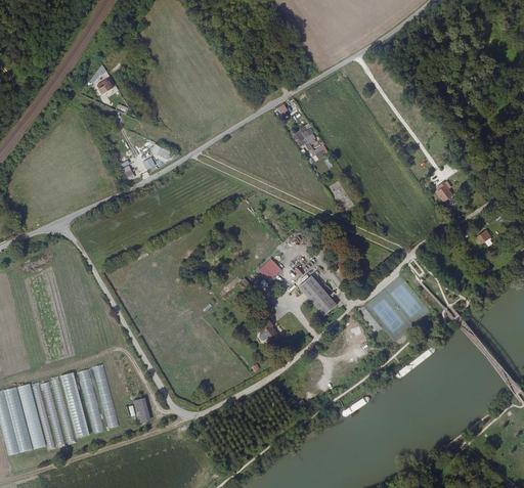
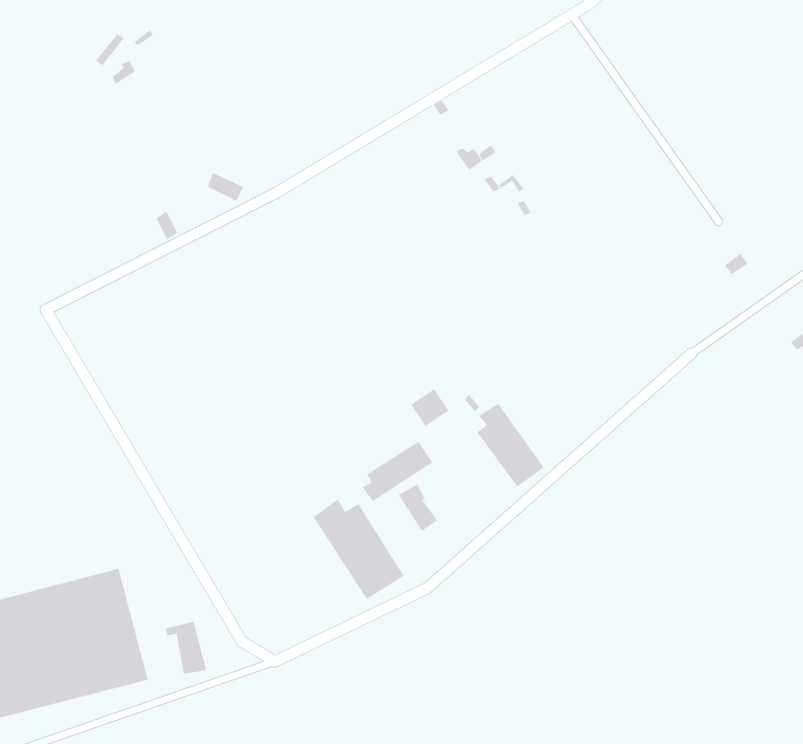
building: none -> [362,441,433,502]
building: none -> [313,498,404,600]

